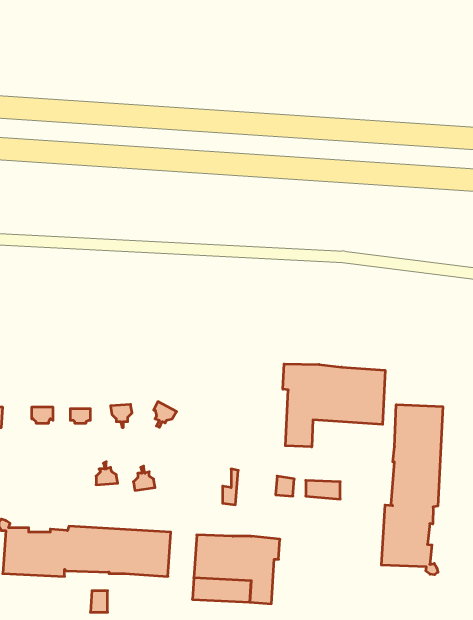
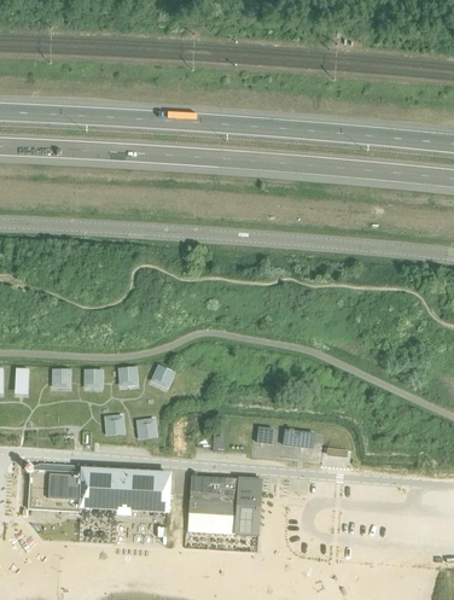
building: [283,364,385,447] -> none
building: [381,405,443,575] -> none

